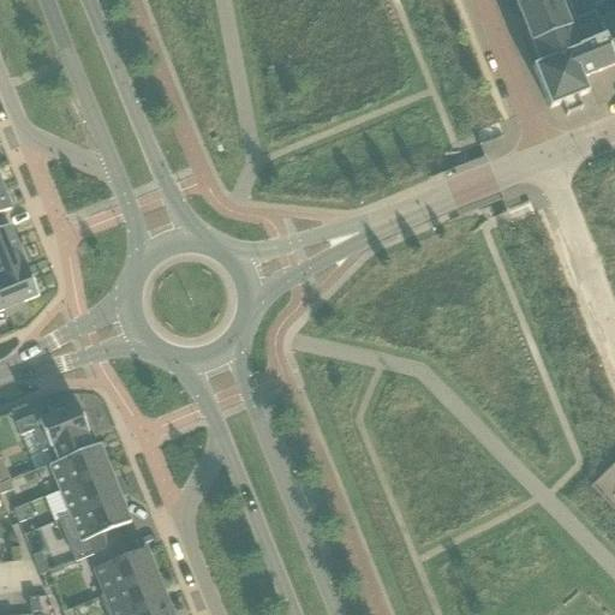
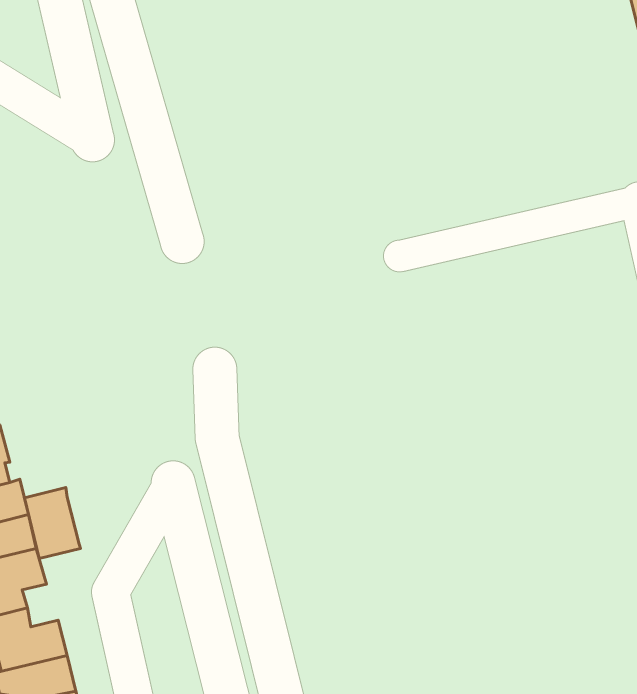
building: none -> [24,488,80,559]

